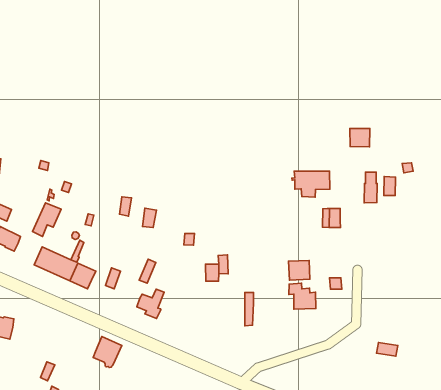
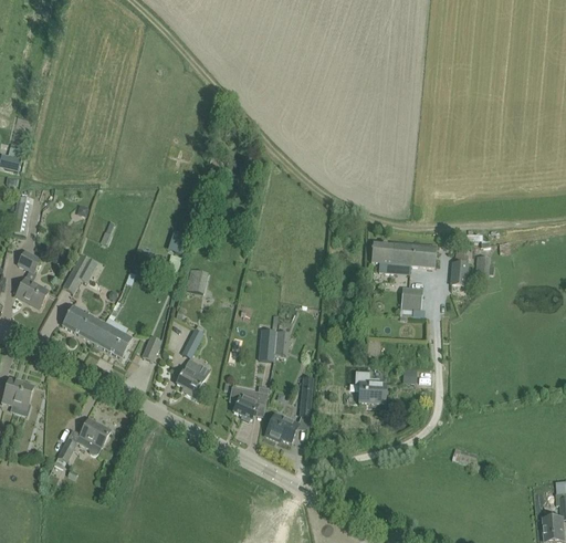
building: [350,128,370,147] -> [411,243,436,267]
building: [289,260,310,280] -> none
building: none -> [229,385,266,419]
building: none -> [264,413,298,441]
building: [93,337,122,367] -> [75,417,109,453]

